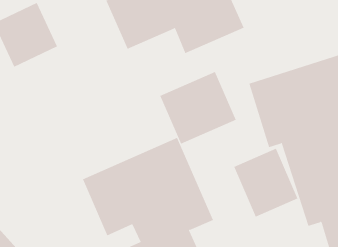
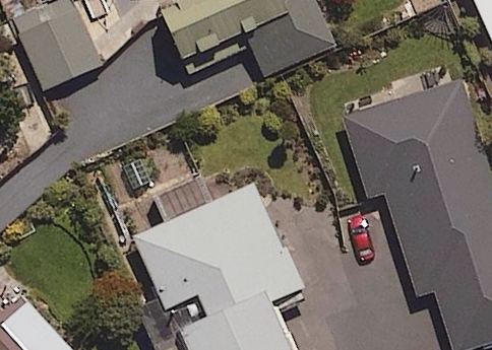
building: [160,71,237,144] -> none
building: [233,148,298,217] -> none

